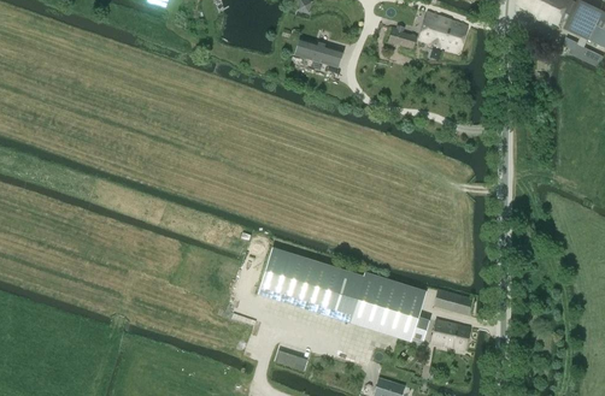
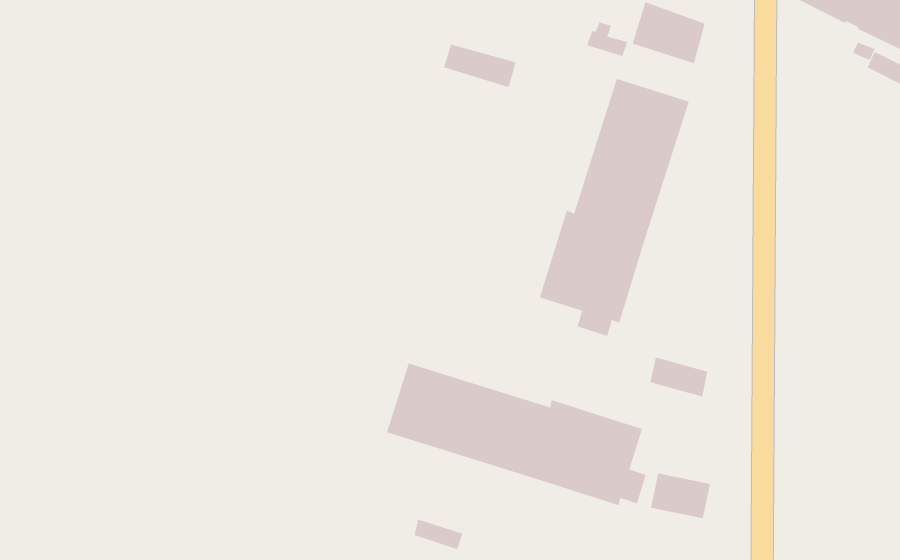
building: none -> [539,78,689,337]
building: [434,289,472,315] -> [650,357,708,397]

